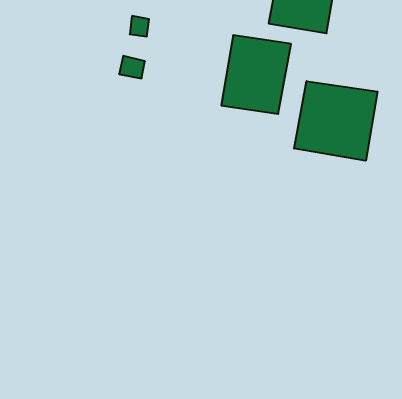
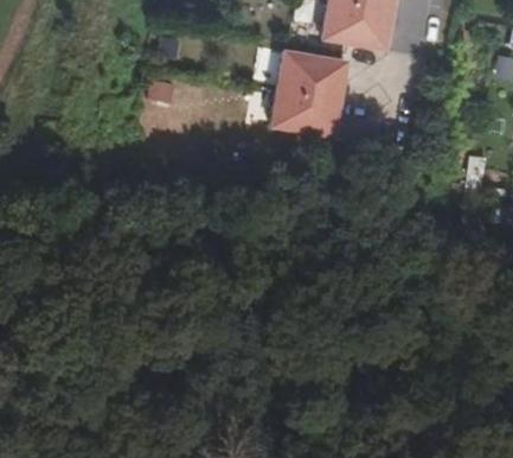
building: [294,81,378,161] -> none

